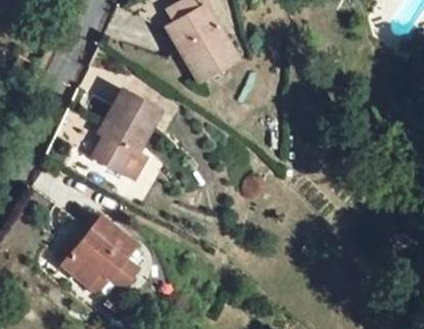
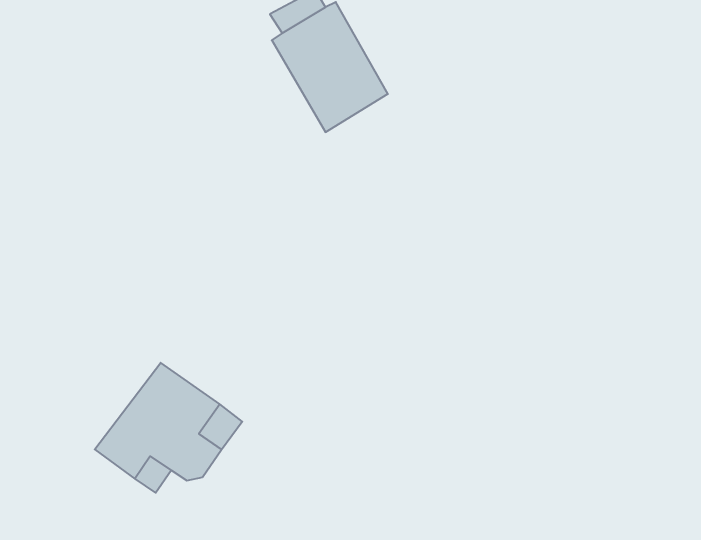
building: [96,88,160,178] -> none

